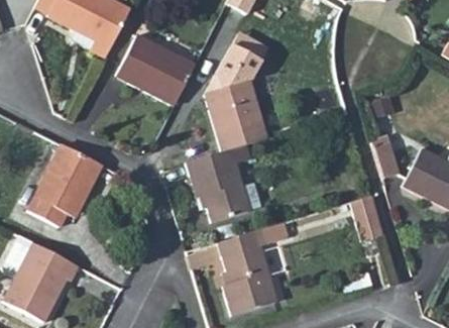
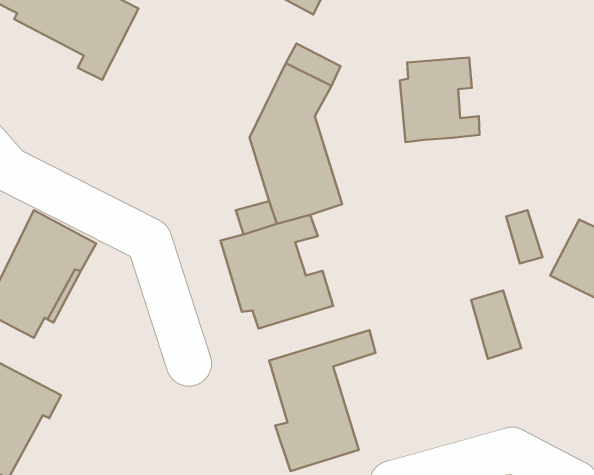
building: [118,36,195,105] -> none
building: none -> [400,58,480,142]

